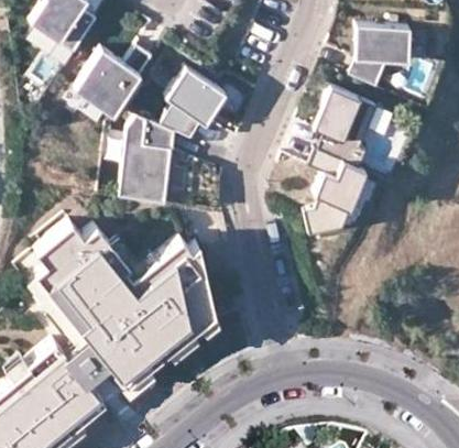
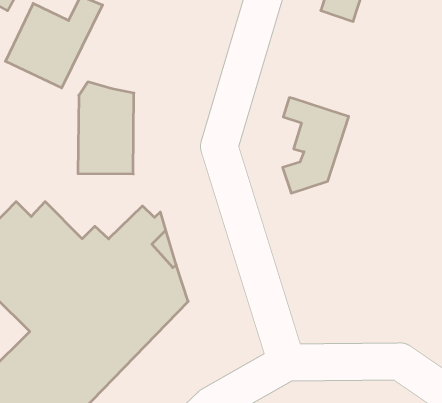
building: [161,68,227,139] -> none
building: [314,87,378,167] -> none

